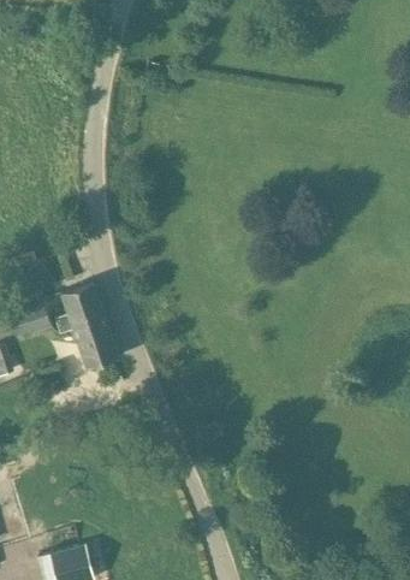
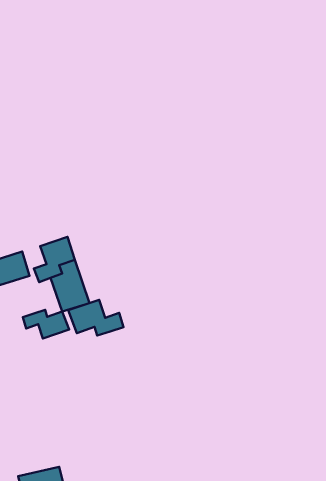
building: none -> [68,300,123,336]
building: none -> [23,310,69,338]

